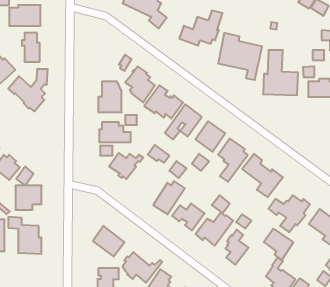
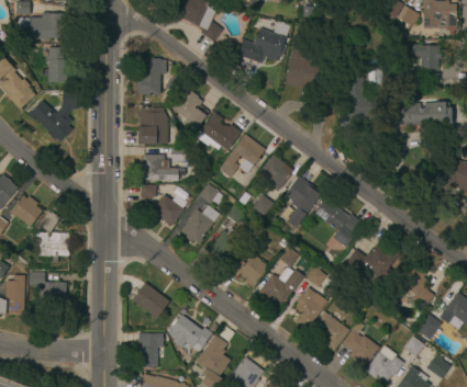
building: none -> [137,58,166,94]
building: none -> [181,204,221,244]
building: [264,229,293,260] -> [312,312,348,351]

